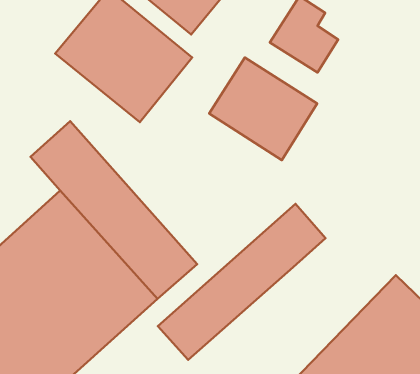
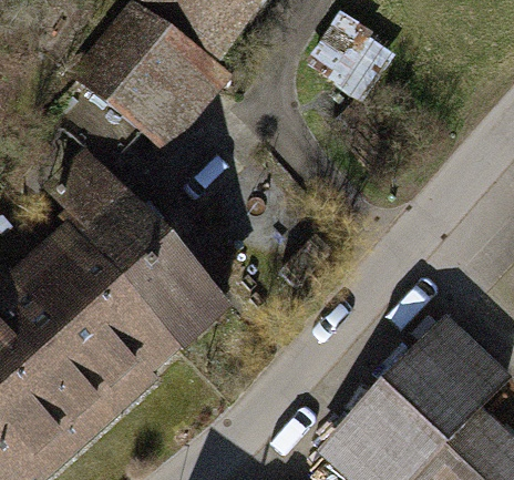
building: [209,57,317,160] -> none
building: [158,204,325,360] -> none

